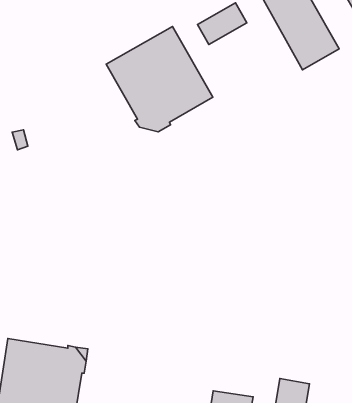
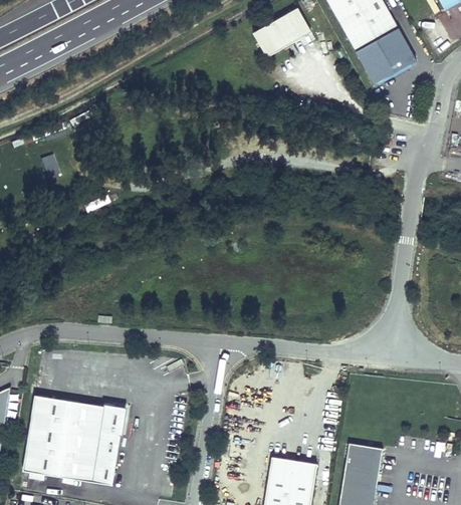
building: [106,26,213,132] -> none

